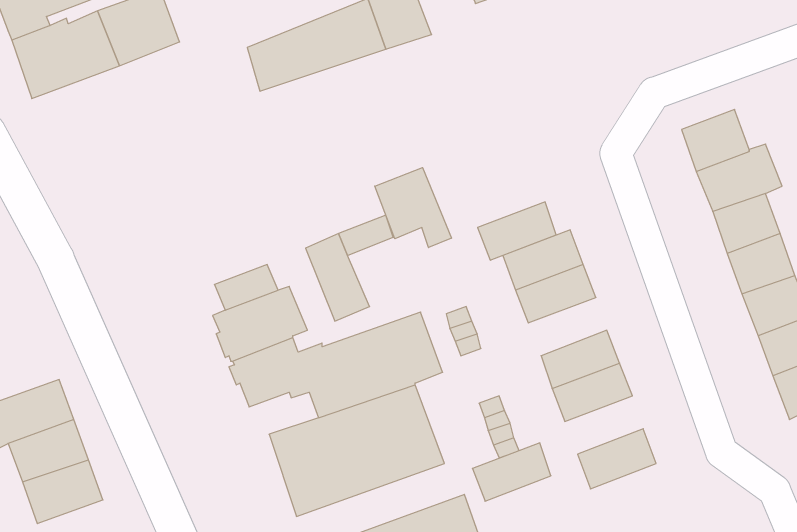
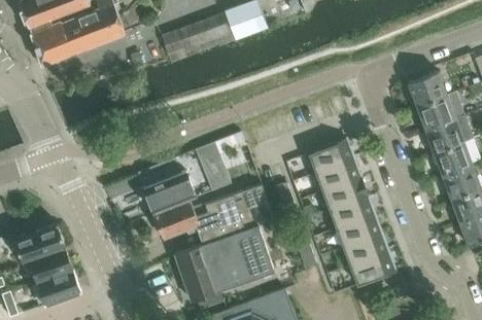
building: [375,168,451,248] -> none
building: [478,202,556,260] -> [321,178,366,211]
building: [472,443,551,501] -> [342,234,386,266]

